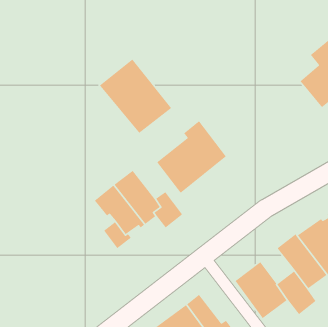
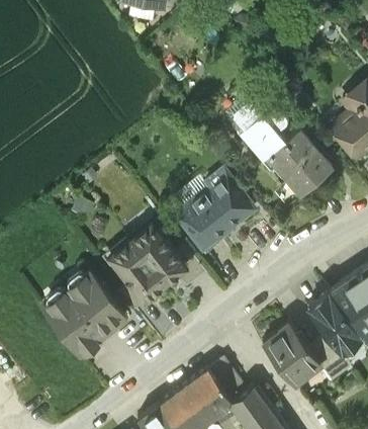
building: none -> [225,90,332,194]
building: [99,59,172,134] -> none
building: none -> [43,271,124,352]

